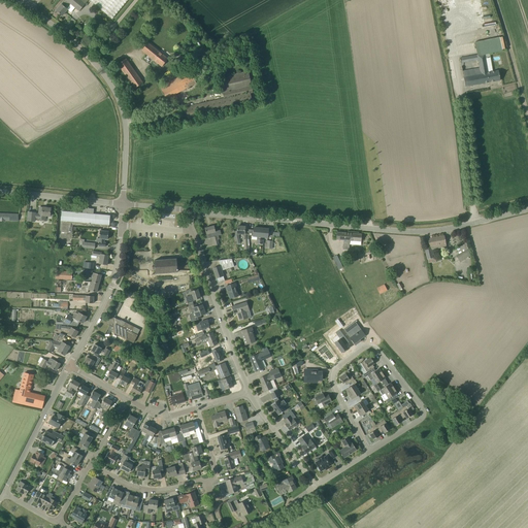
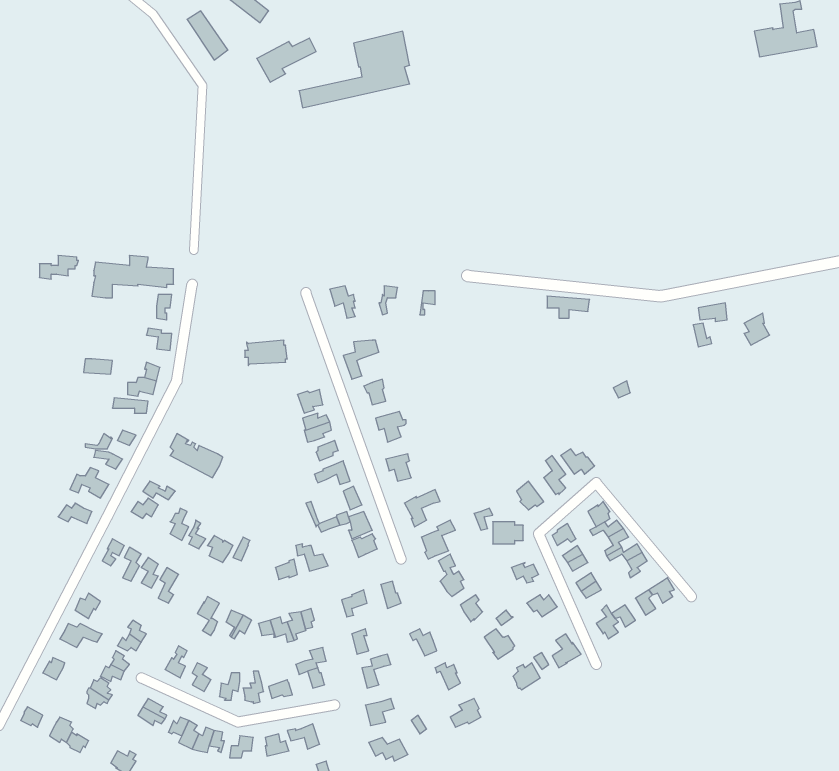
building: [18,371,44,407] -> none

